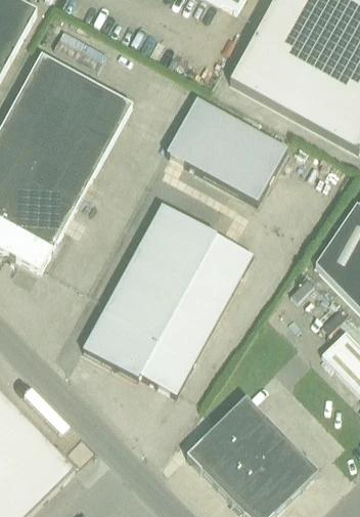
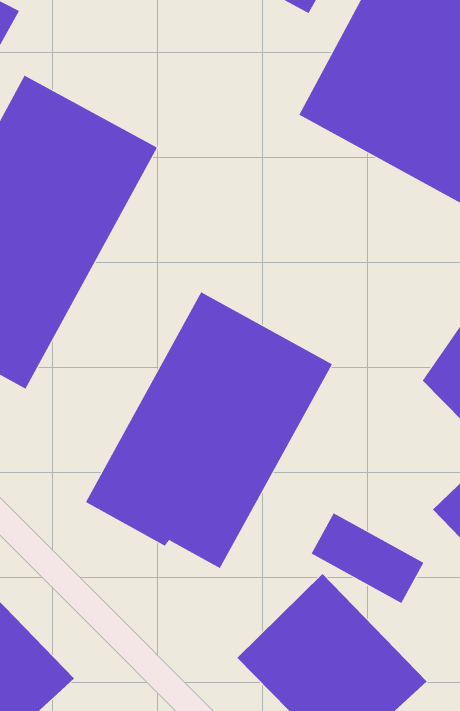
building: [166,96,286,202] -> none
building: none -> [311,513,424,604]

